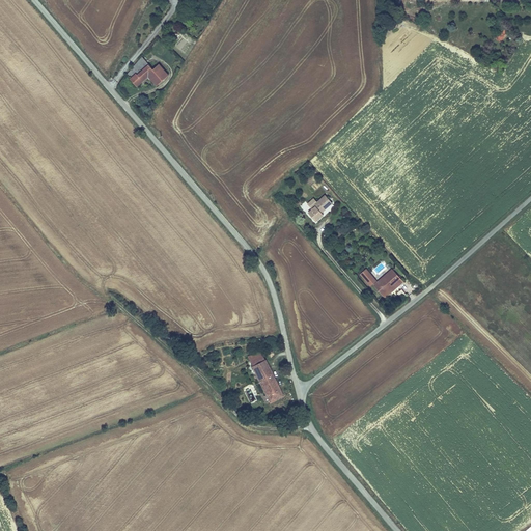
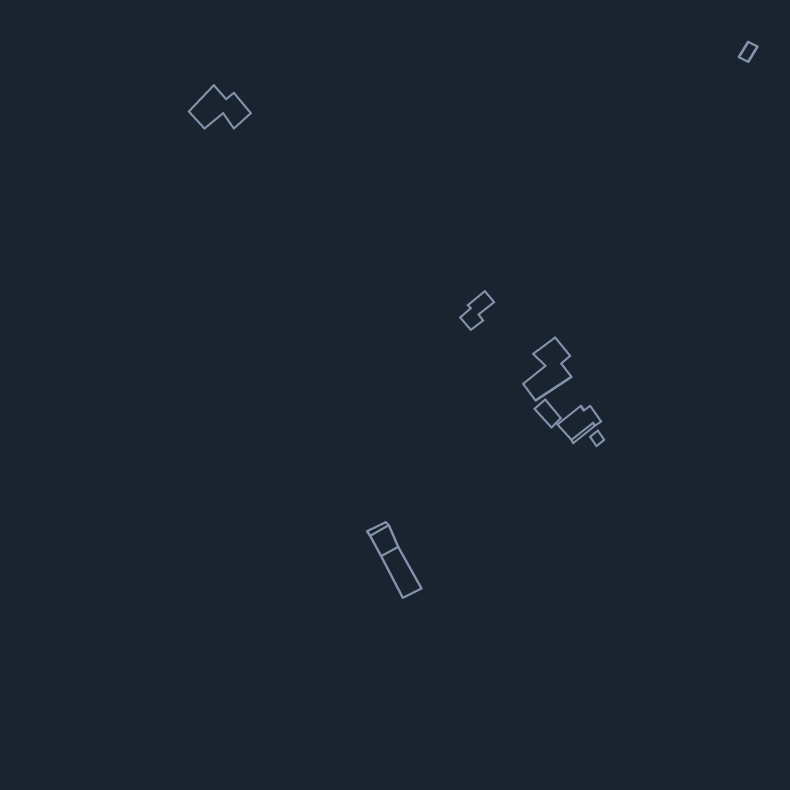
building: none -> [523,337,571,400]

